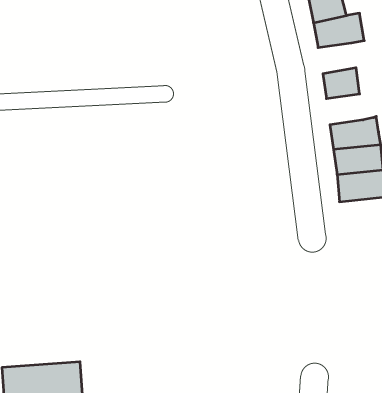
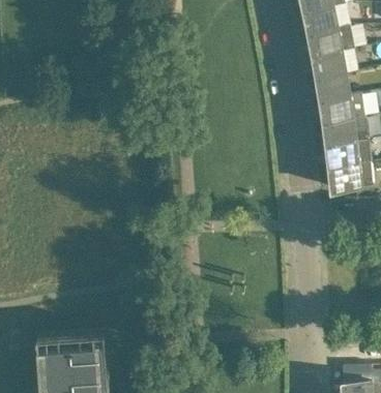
building: none -> [313,53,346,80]
building: none -> [320,96,363,124]

